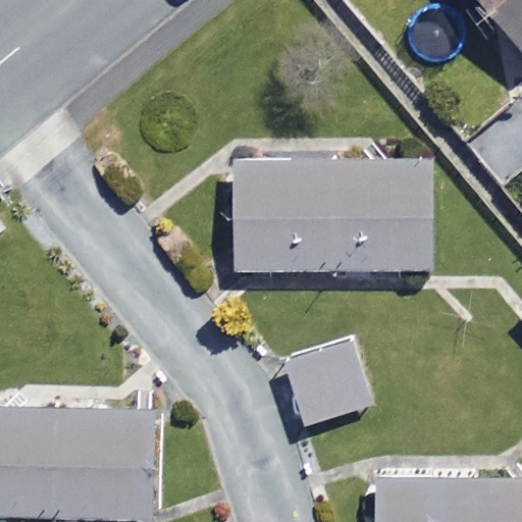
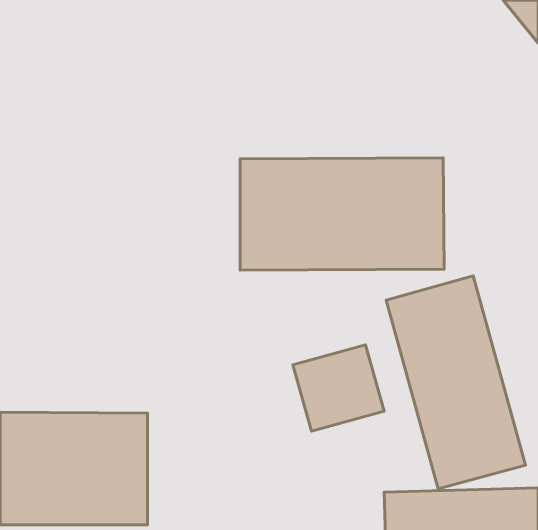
building: none -> [386,276,525,489]

